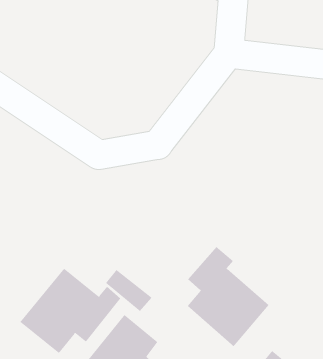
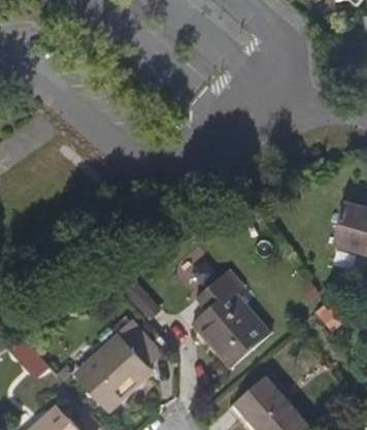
building: [19,268,121,354] -> none

